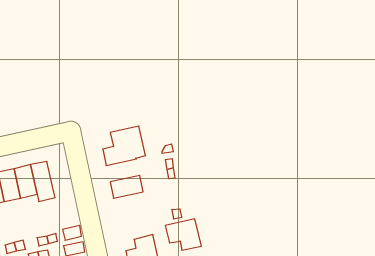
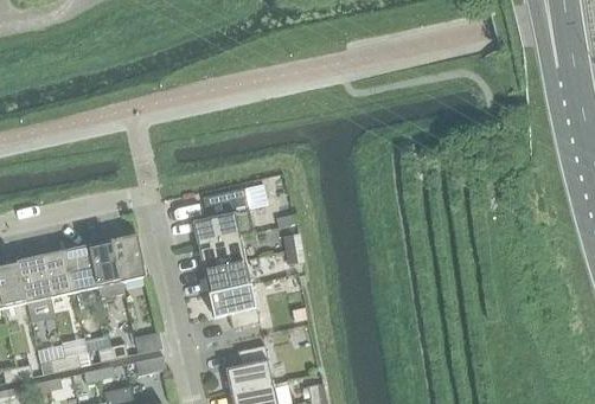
building: none -> [111,233,146,282]
building: none -> [197,236,245,269]
building: [165,219,201,250] -> [207,283,260,328]

